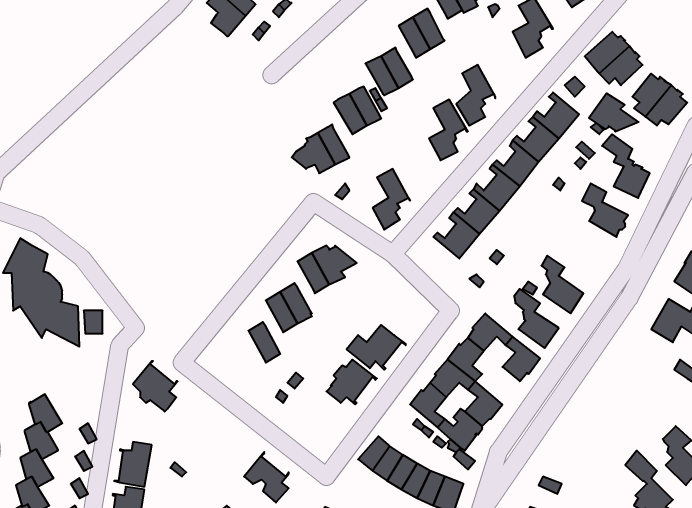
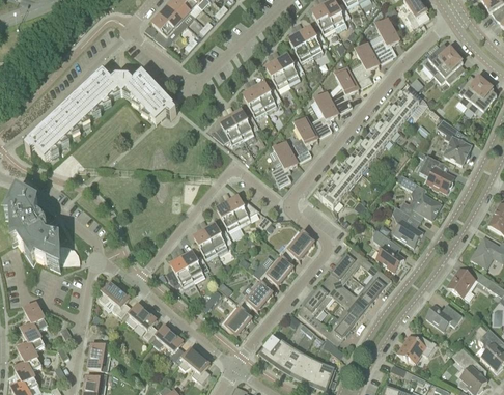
building: none -> [349,43,380,86]
building: none -> [25,74,176,160]
building: [589,93,639,132] -> none
building: none -> [292,117,318,161]
building: none -> [397,173,441,219]
building: none -> [279,232,315,260]
building: none -> [166,258,194,287]
building: none -> [447,266,475,295]
building: none -> [344,284,376,311]
building: none -> [124,302,158,338]
building: none -> [425,303,463,329]
building: none -> [221,304,253,336]
building: none -> [151,323,184,360]
building: none -> [396,333,436,361]

